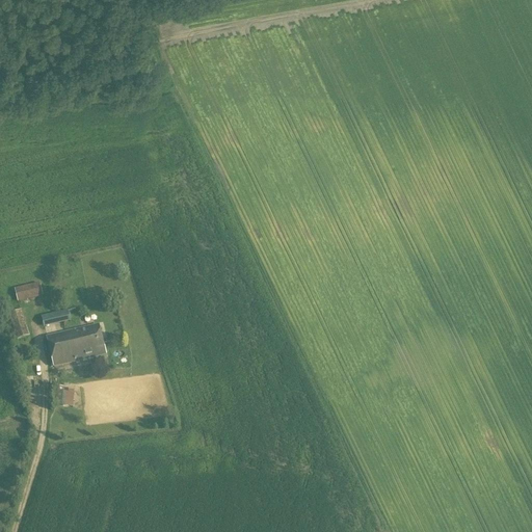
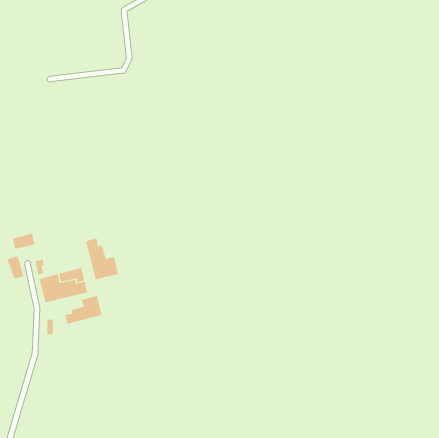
building: none -> [85,238,119,280]
building: none -> [65,295,102,324]

